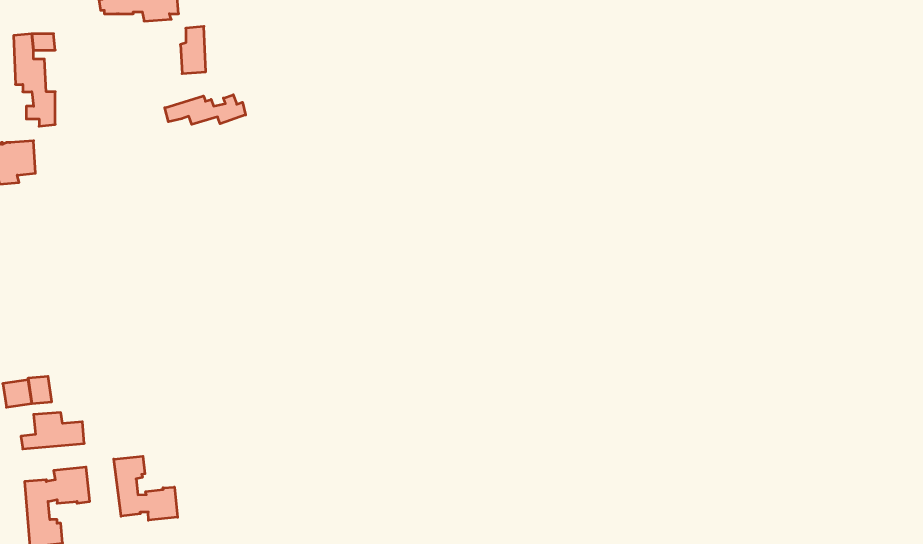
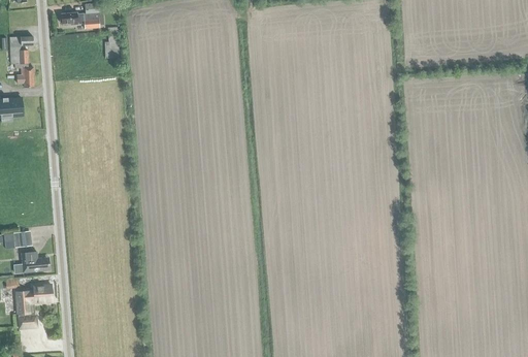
building: [165,95,246,124] -> none
building: [114,456,178,520] -> none

